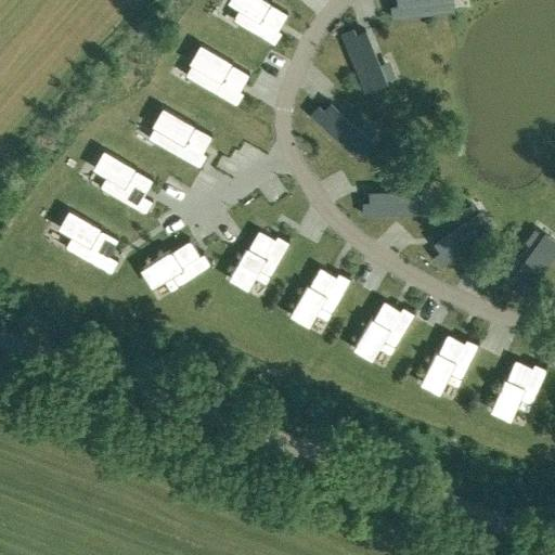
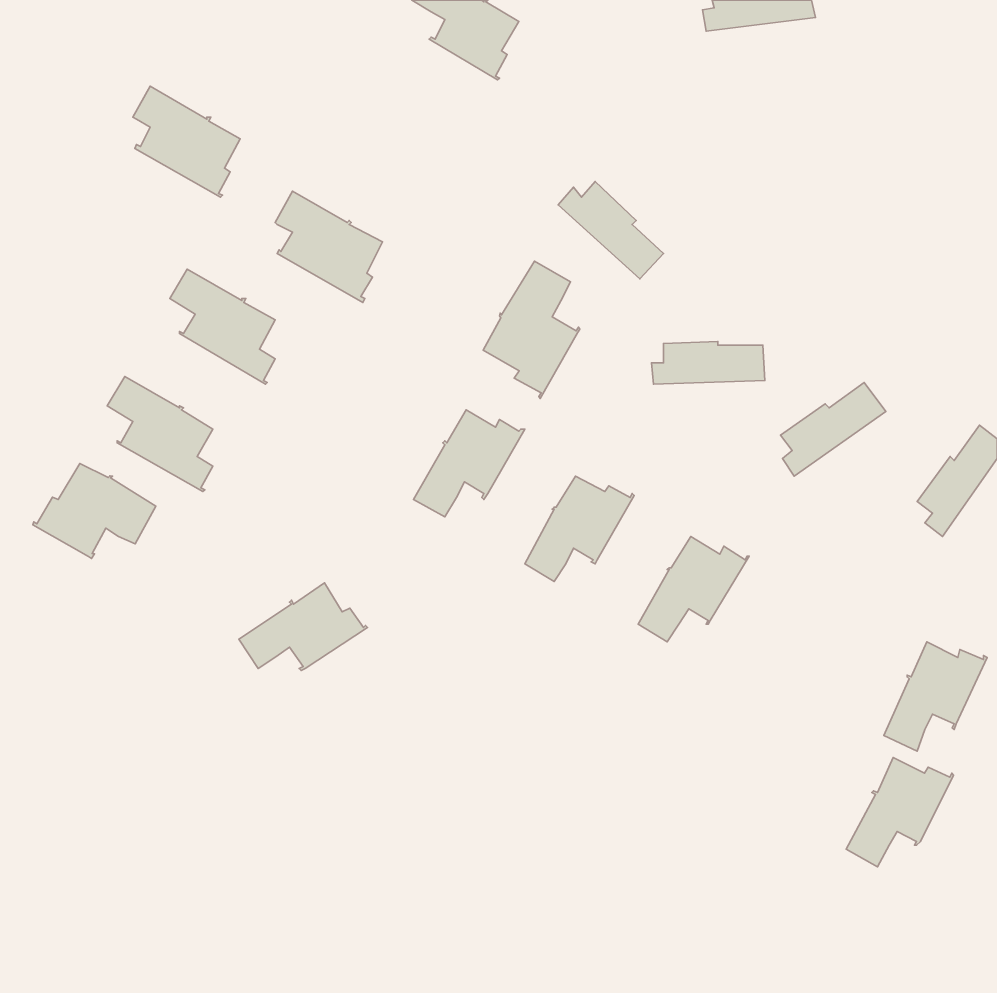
building: [341,29,384,91] -> none
building: [190,46,249,107] -> [133,86,240,197]
building: none -> [483,261,580,398]
building: [142,240,214,288] -> [239,583,368,671]
building: none -> [33,463,156,558]
building: [421,333,480,393] -> [846,758,954,867]

